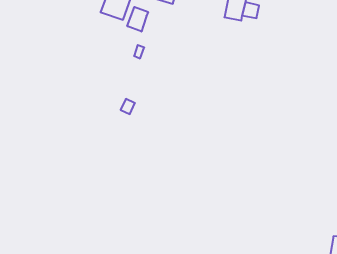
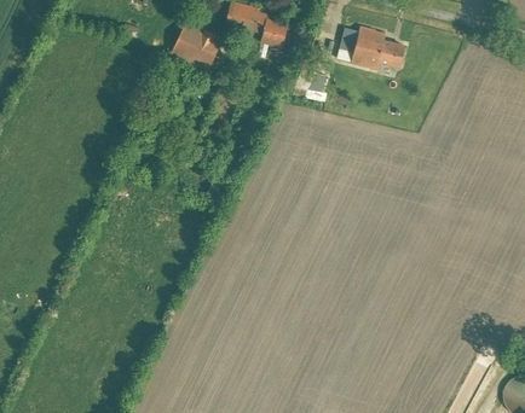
building: [127,7,148,32] -> none

